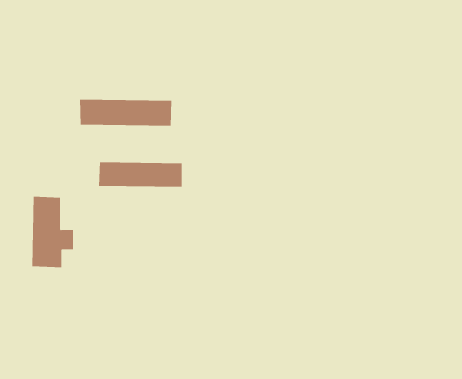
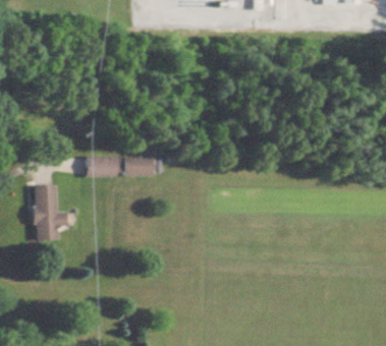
building: [80,99,172,126] -> none

